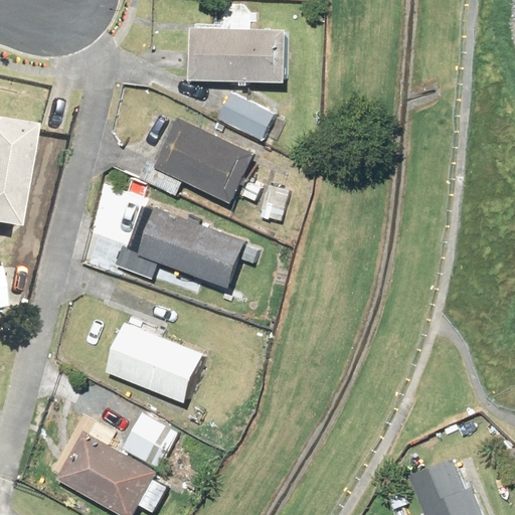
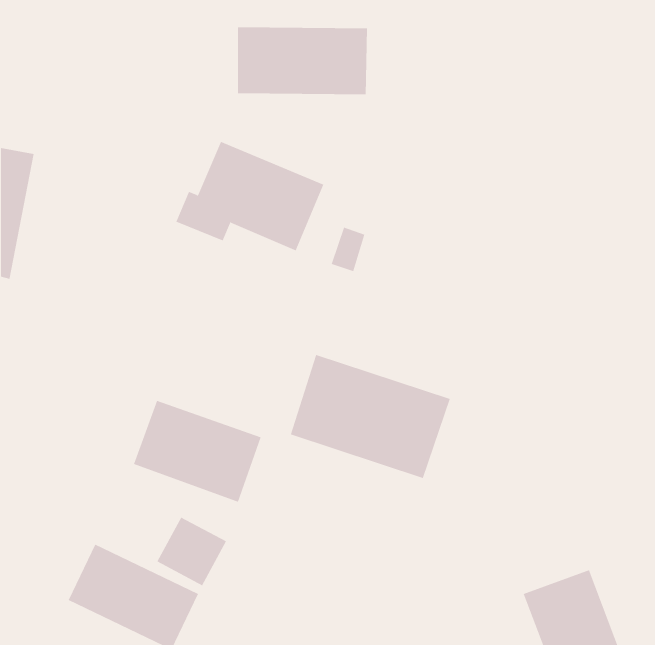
building: [215,95,272,142] -> none
building: [137,209,258,286] -> none
building: none -> [290,354,451,479]

